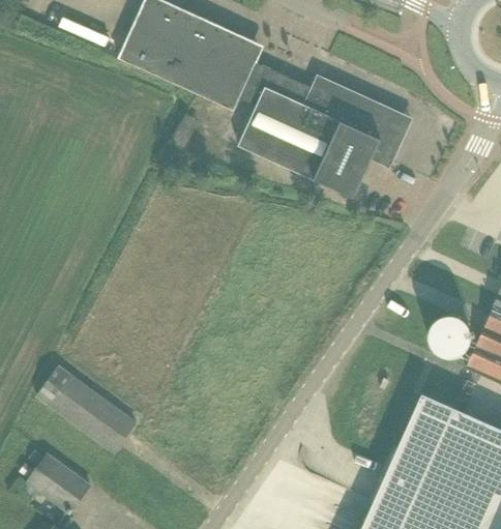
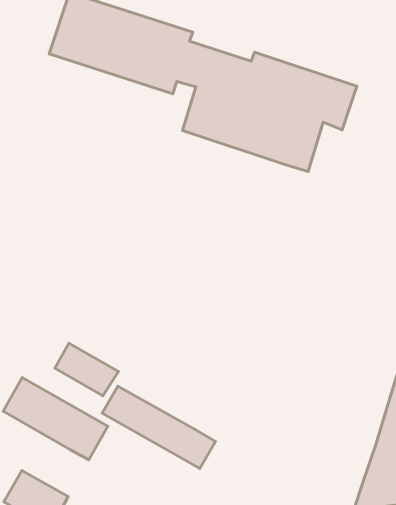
building: none -> [55,343,118,396]
building: none -> [102,386,215,469]

